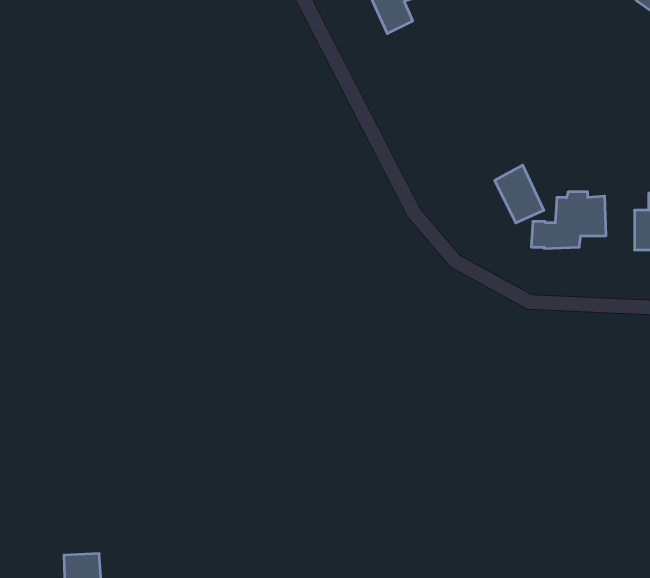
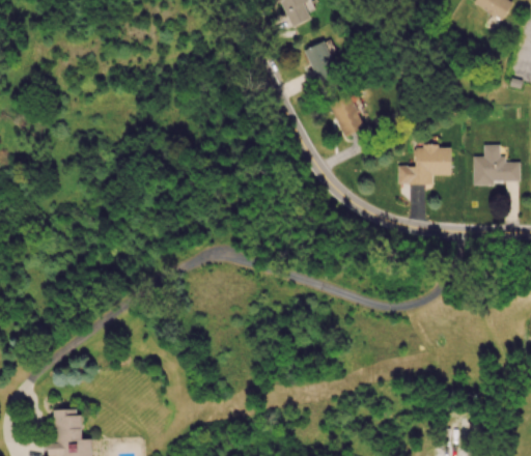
building: none -> [303,40,340,85]
building: [495,165,544,223] -> [330,94,366,137]

